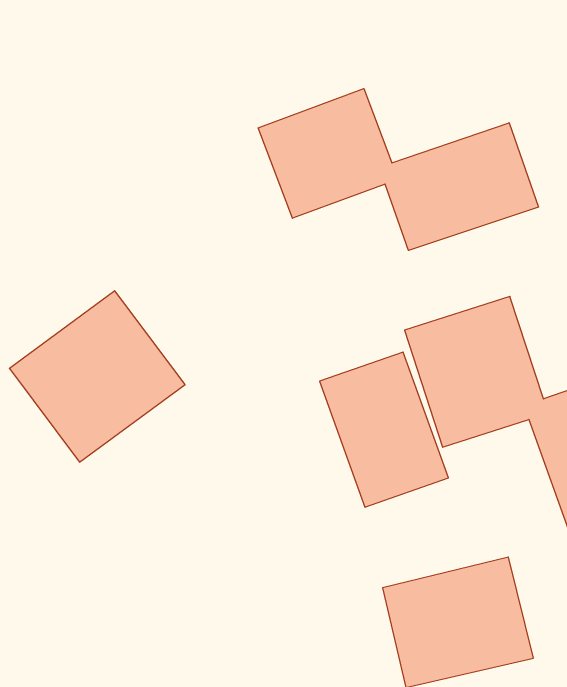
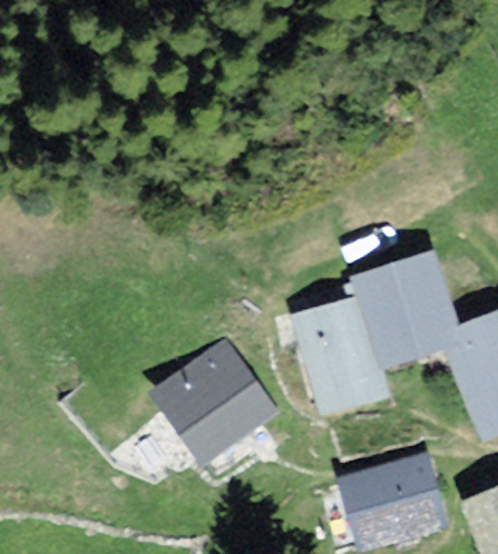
building: [258,89,538,250] -> none
building: [9,291,185,462] -> [148,338,282,468]

